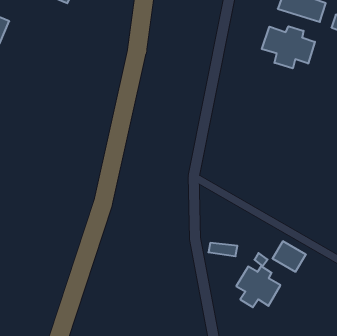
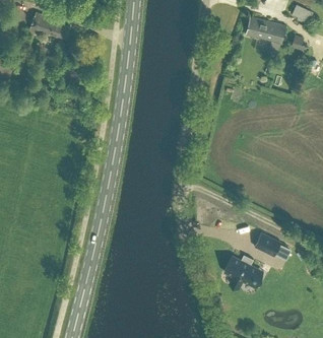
building: [262,26,315,68] -> none

